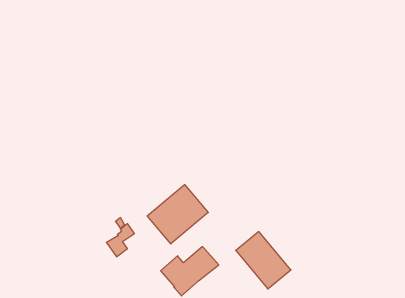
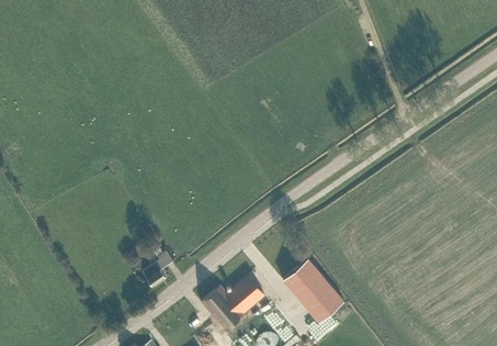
building: [147,185,208,244] -> none

